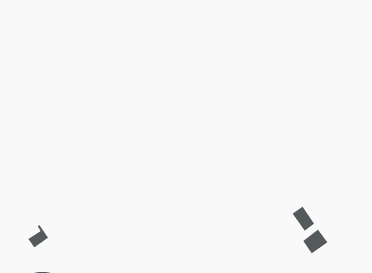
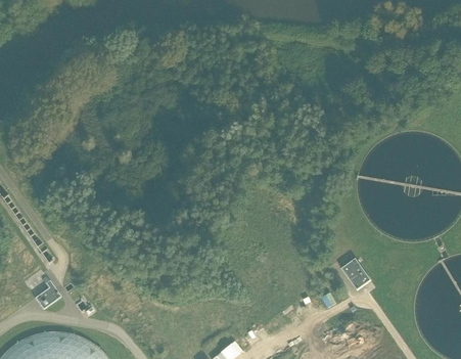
building: [302,228,329,255] -> none

